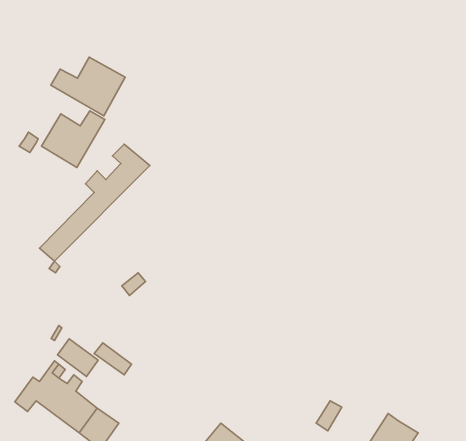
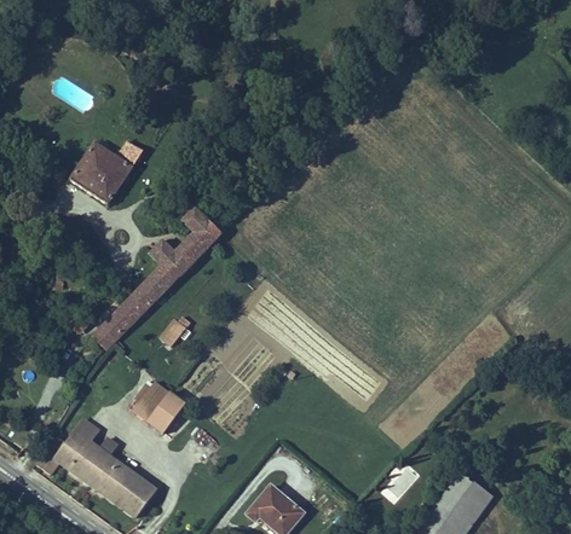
building: [51,57,125,116] -> none
building: [39,144,150,261] -> [100,209,225,341]
building: [58,339,98,376] -> [138,379,184,422]

